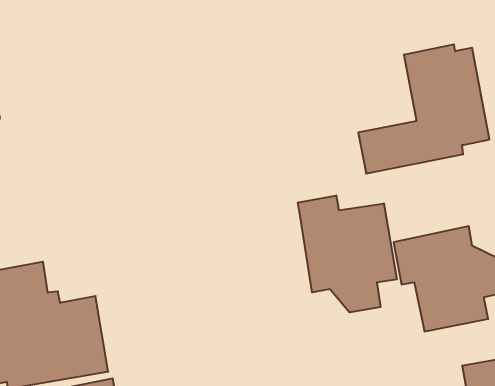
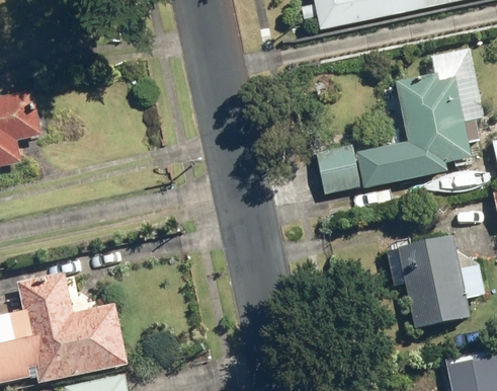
building: none -> [316,144,359,192]
building: [298,195,397,312] -> none

